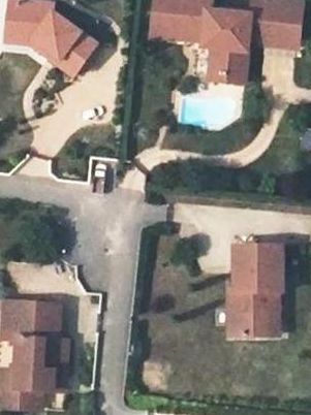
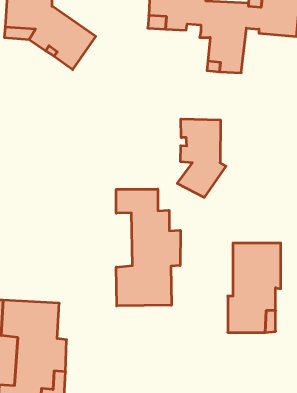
building: none -> [177,119,226,197]
building: none -> [116,189,180,306]

